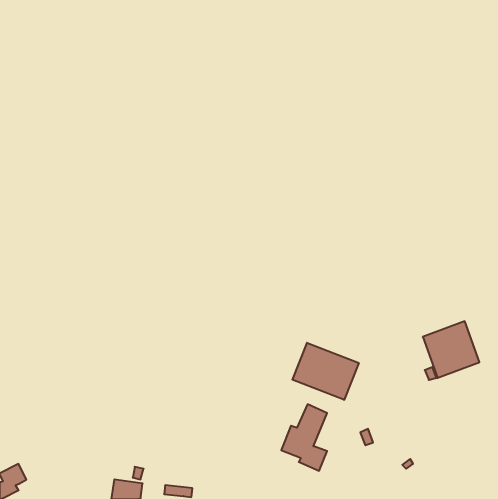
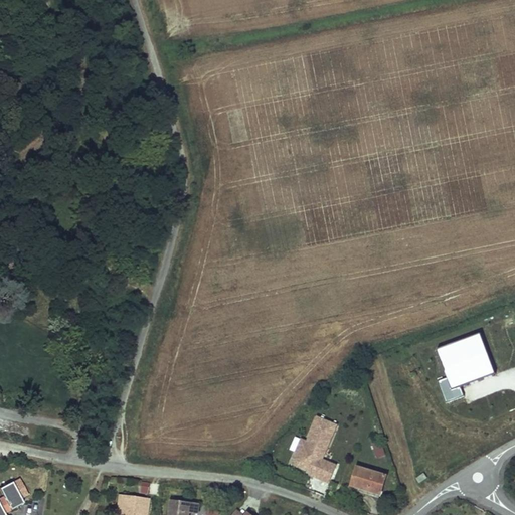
building: [292,343,359,400] -> none
building: none -> [349,467,388,498]

